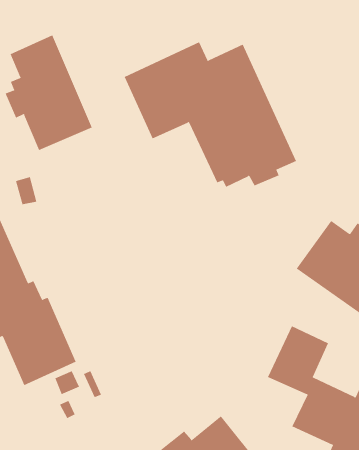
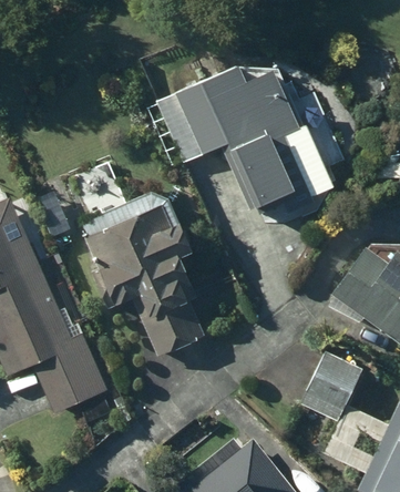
building: [5,34,92,151] -> none
building: none -> [79,191,206,356]

